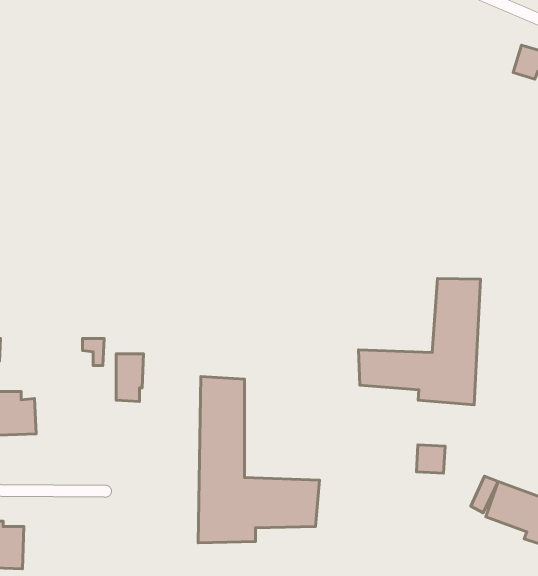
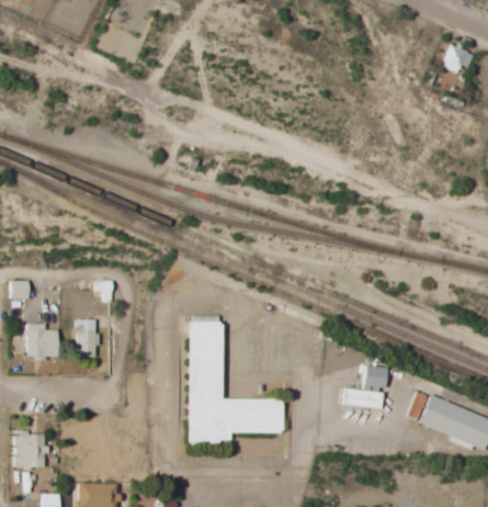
building: [358,278,480,405] -> none
building: [116,354,143,402] -> [76,319,98,358]
building: none -> [342,387,382,408]

